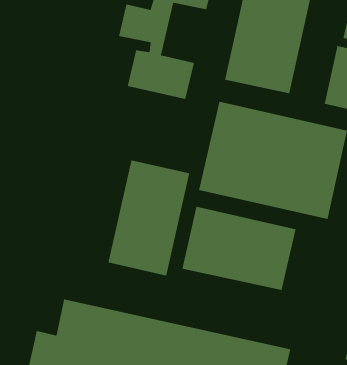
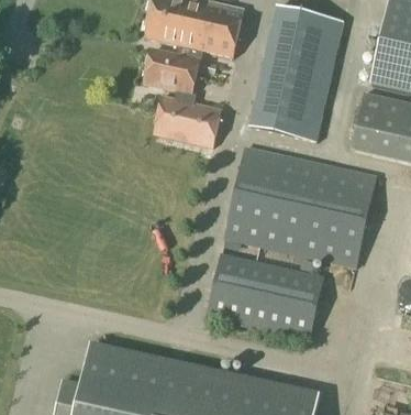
building: [107,159,190,276] -> none

